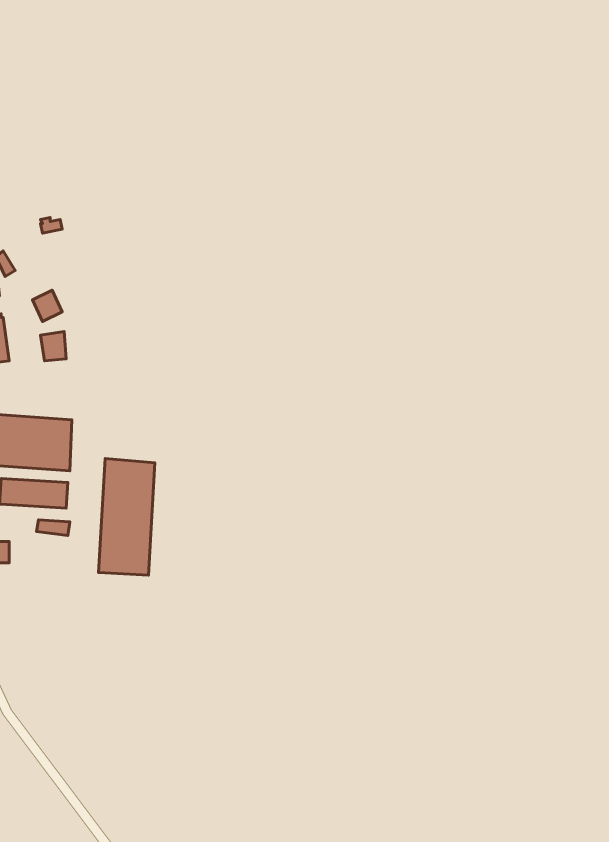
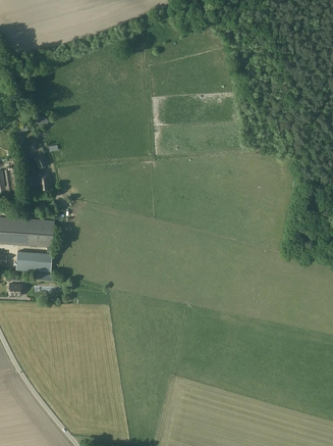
building: [98,458,155,575] -> none

